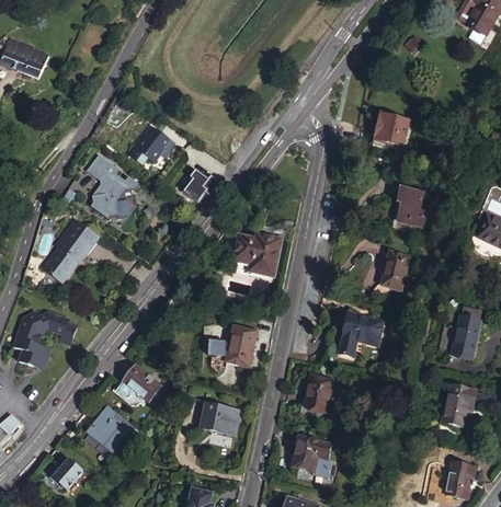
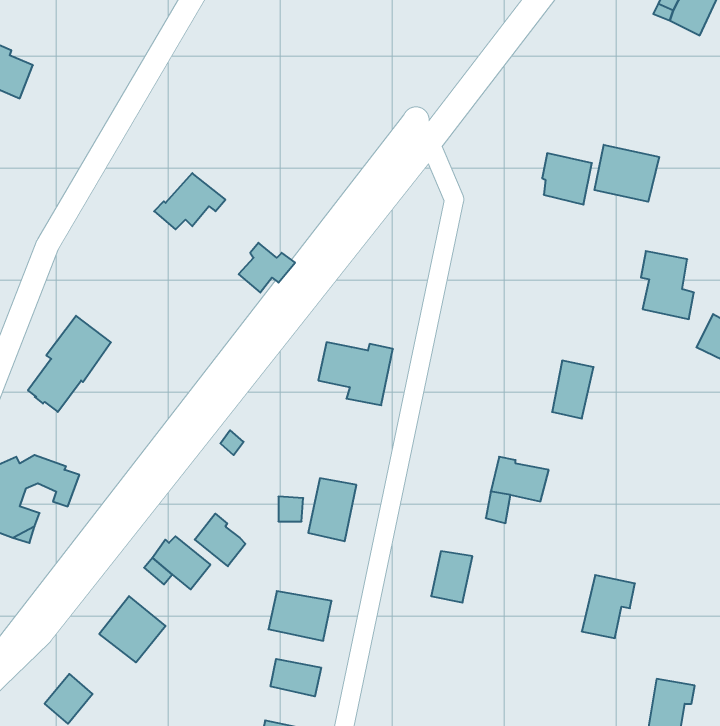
building: none -> [594,145,659,202]
building: [82,153,133,221] -> none
building: [397,183,432,228] -> [641,251,694,319]
building: [455,314,483,357] -> none
building: none -> [195,514,245,566]
building: [446,383,481,425] -> [582,575,635,638]
building: [294,437,333,470] -> none
building: none -> [271,659,321,696]

